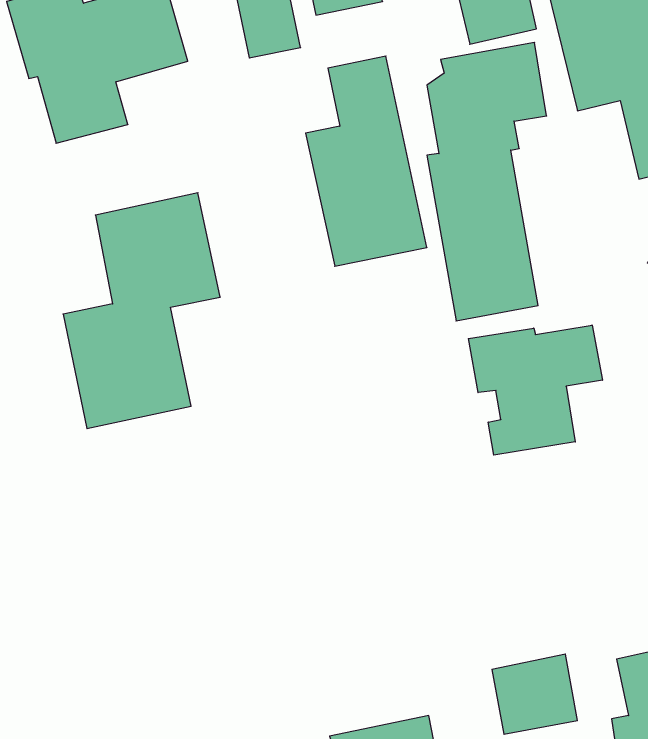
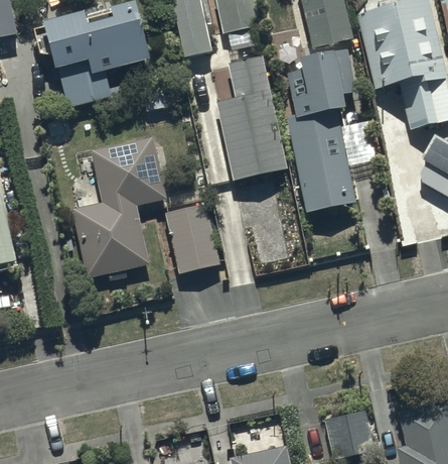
building: none -> [165,203,221,273]
building: [468,325,602,455] -> none

